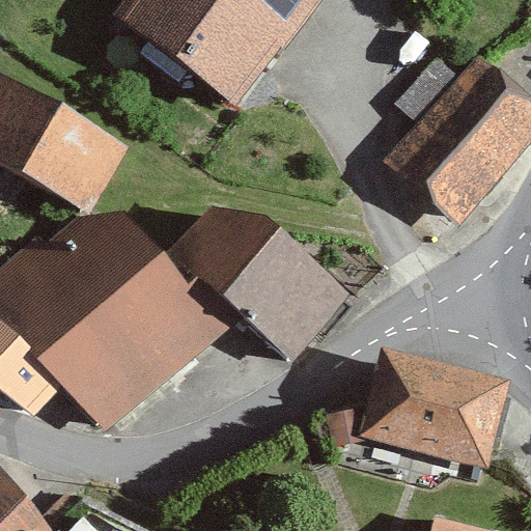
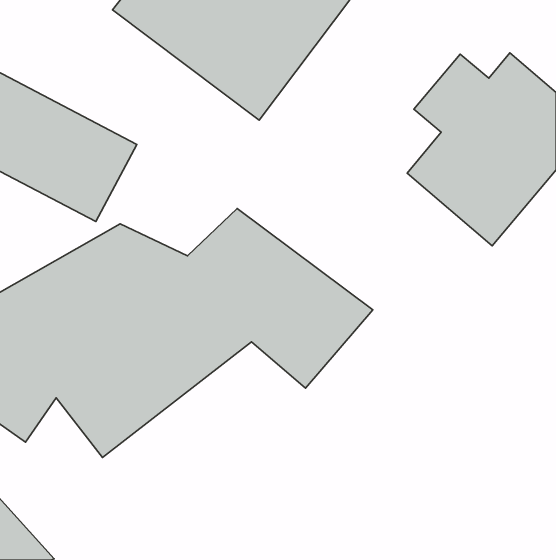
building: [361,352,495,457] -> none

